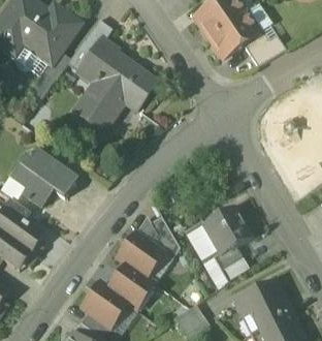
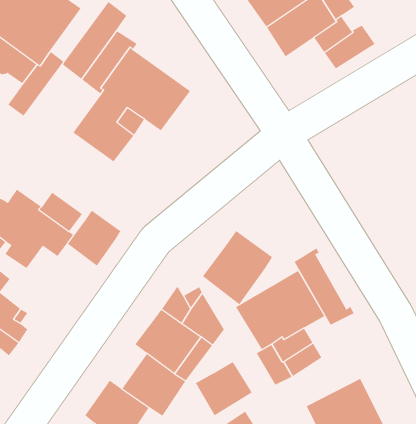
building: none -> [67,210,121,266]
building: none -> [202,230,273,305]
building: none -> [294,248,355,325]
building: none -> [195,361,253,416]

